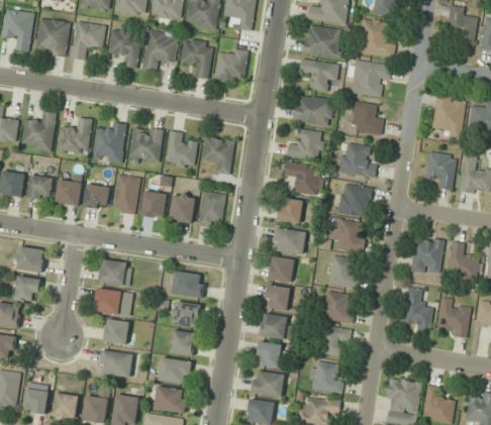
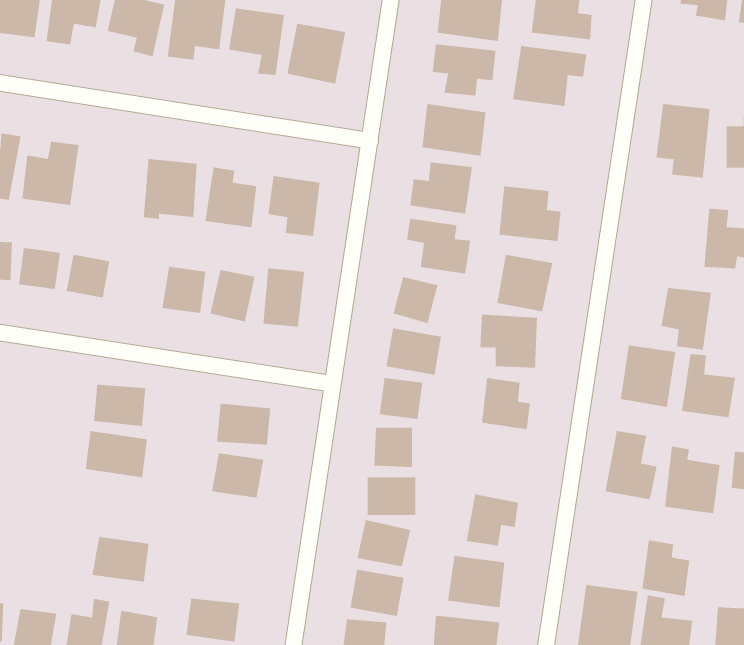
building: [351,102,384,134] -> none
building: [93,123,125,163] -> none
building: [426,152,457,190] -> [661,287,712,350]
building: [114,175,138,214] -> none
building: [324,293,353,320] -> none
building: [104,319,129,345] -> none
building: [172,331,194,355] -> none
building: none -> [641,540,690,597]
building: [160,359,189,383] -> none

